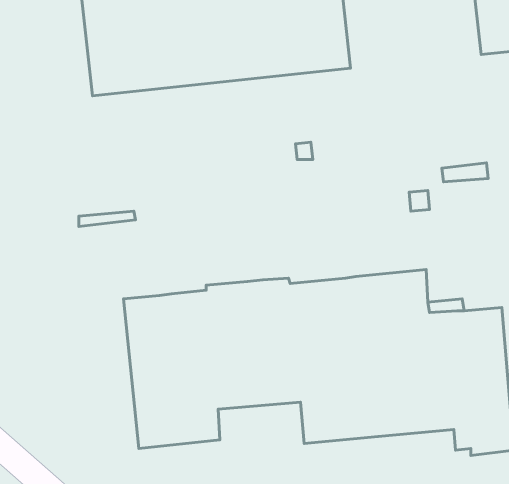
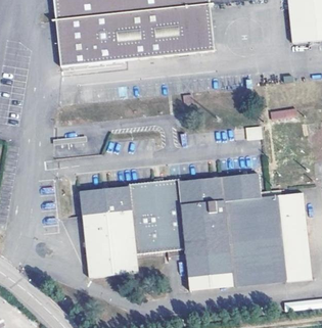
building: none -> [186,266,285,290]

